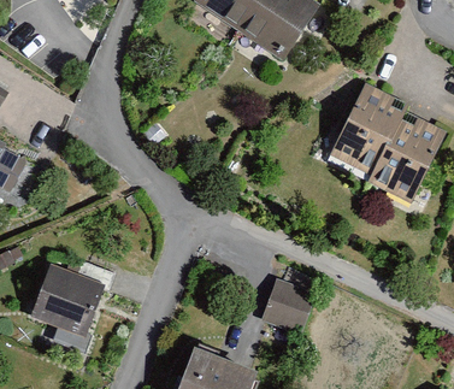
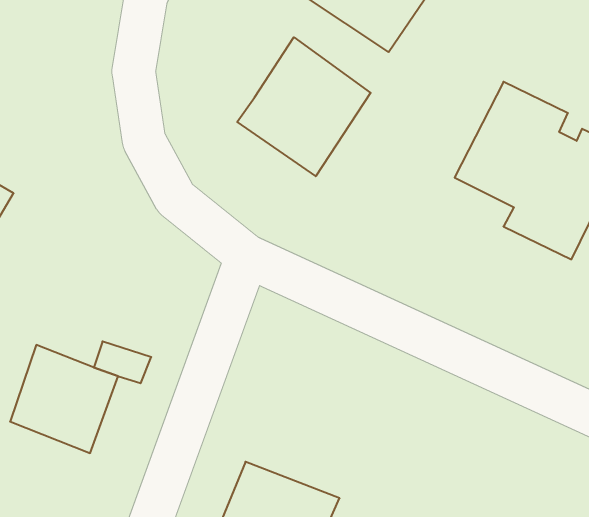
building: none -> [237,37,371,176]
building: [263,276,317,332] -> none

